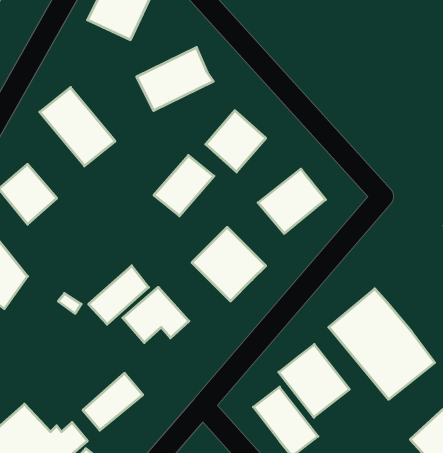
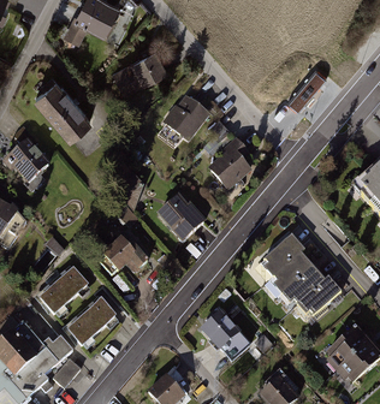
building: [154,155,214,216] -> none
building: [89,266,149,324] -> [38,268,85,314]
building: [279,344,349,417] -> none

